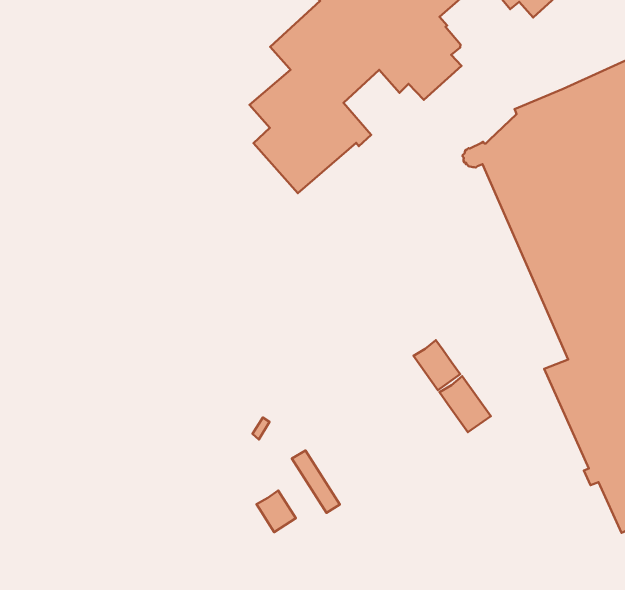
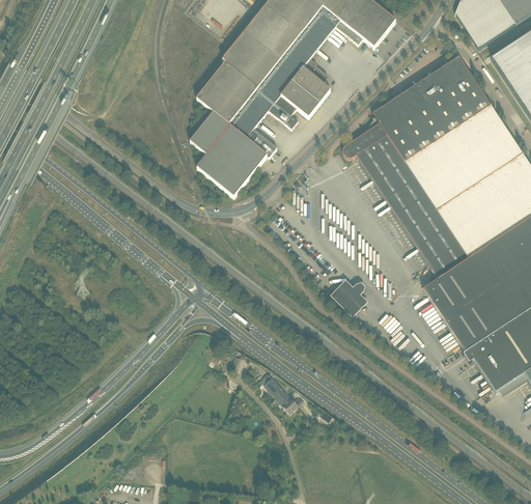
building: [439,376,491,432] -> none
building: [256,490,296,532] -> none

